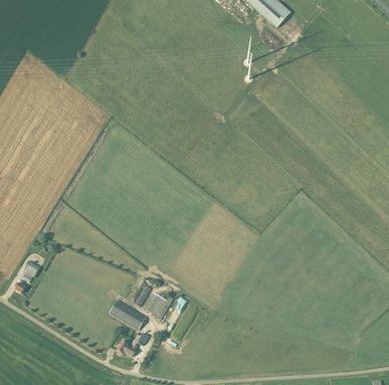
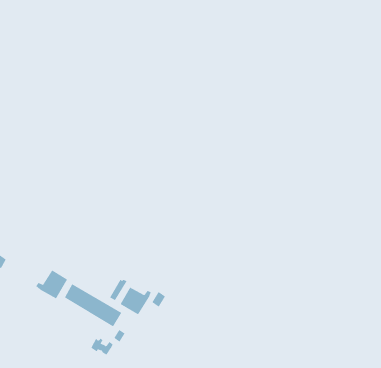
building: none -> [35,270,68,299]

